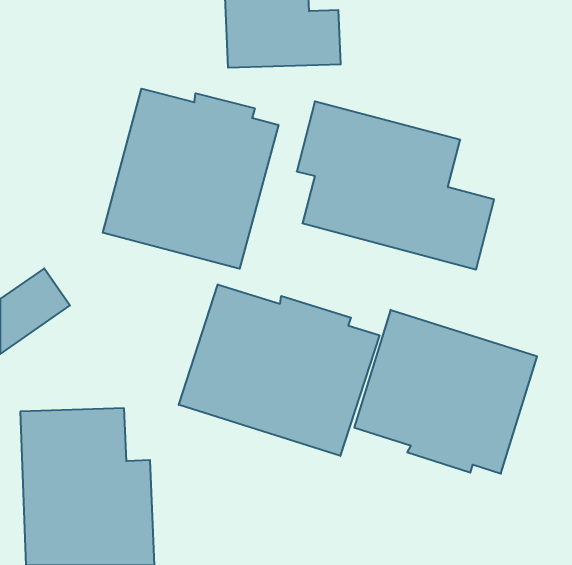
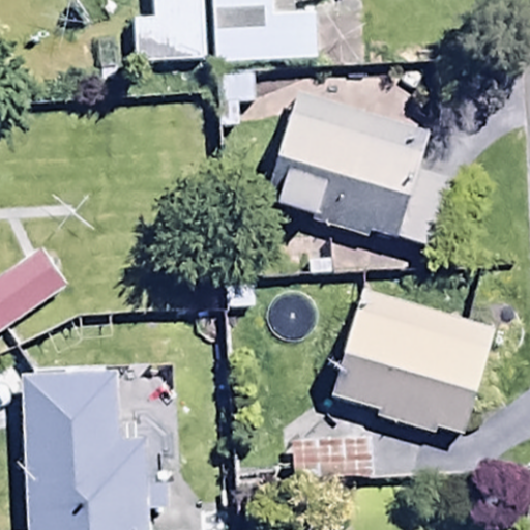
building: [103,89,278,269] -> none
building: [179,284,379,456] -> none

